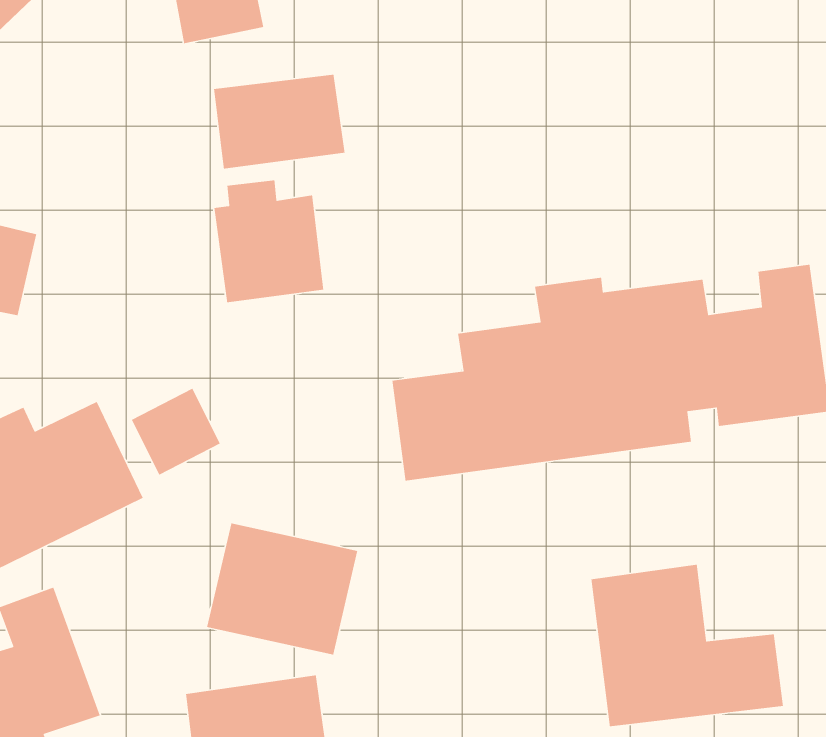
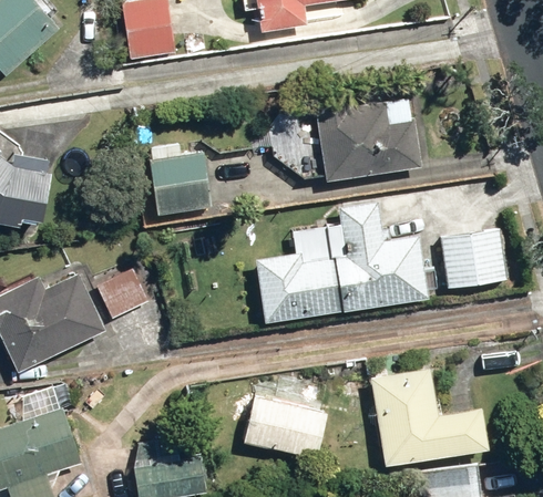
building: [213,74,346,170] -> none
building: none -> [313,99,419,183]
building: [206,522,358,656] -> [240,381,330,459]

